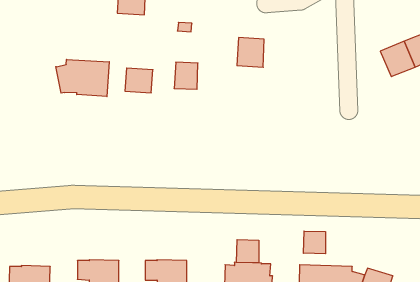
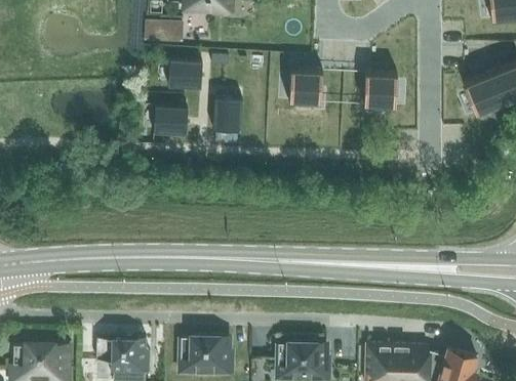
building: none -> [170,59,203,88]
building: none -> [365,73,398,108]
building: [56,59,109,97] -> none
building: [303,231,326,254] -> none
building: [236,240,259,263] -> none

